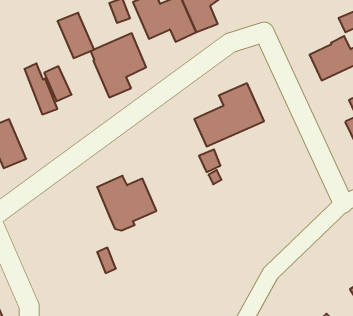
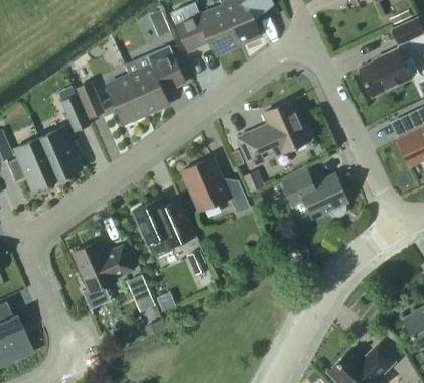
building: [57,13,94,58] -> [106,76,145,124]
building: none -> [38,128,81,180]
building: none -> [181,158,250,215]
building: none -> [282,171,347,219]
building: none -> [72,242,134,314]

